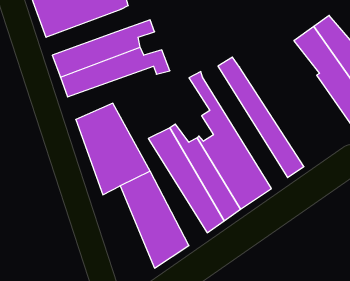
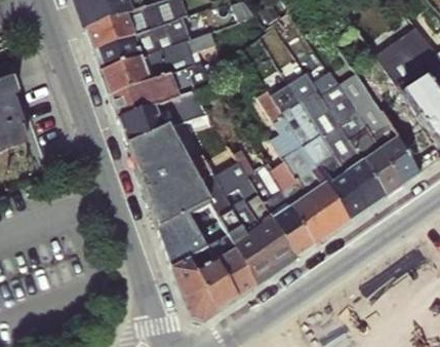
building: none -> [94,16,183,69]
building: none -> [314,59,421,195]
building: none -> [119,81,219,142]
building: none -> [272,81,368,220]
building: none -> [190,152,277,284]
building: none -> [159,217,217,320]

